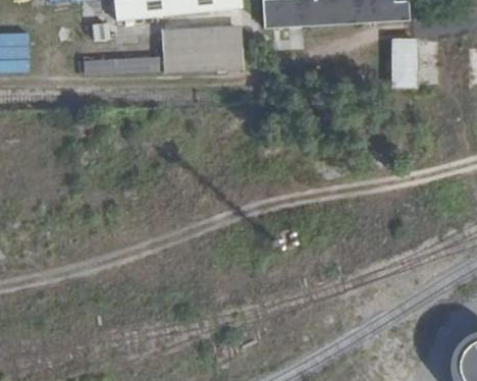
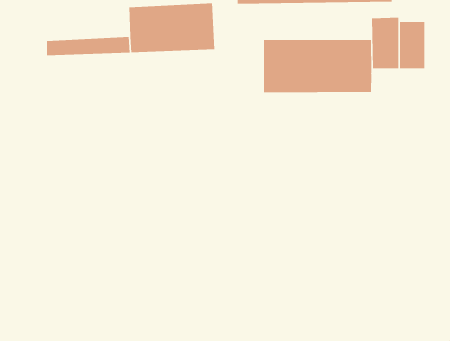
building: none -> [263,39,372,93]

